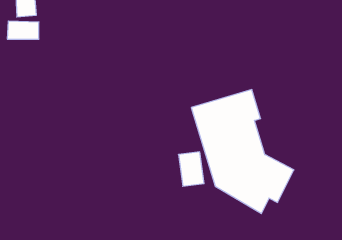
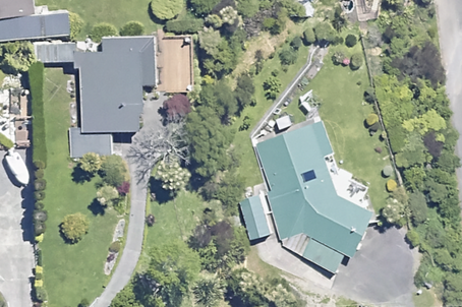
building: none -> [68,42,147,155]

